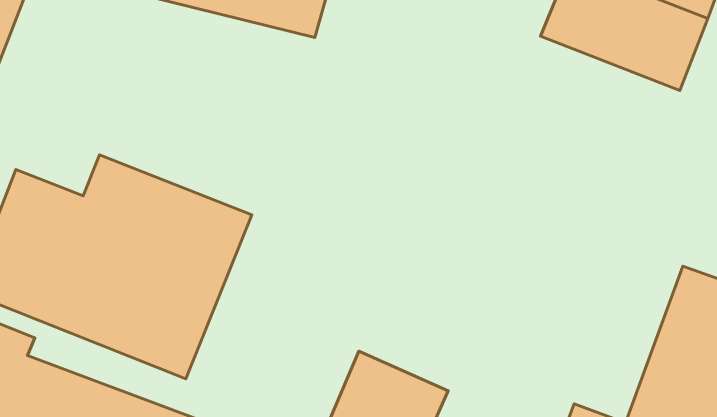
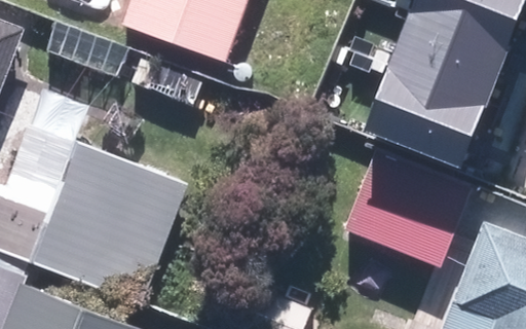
building: none -> [361,61,485,168]
building: none -> [347,152,478,267]

